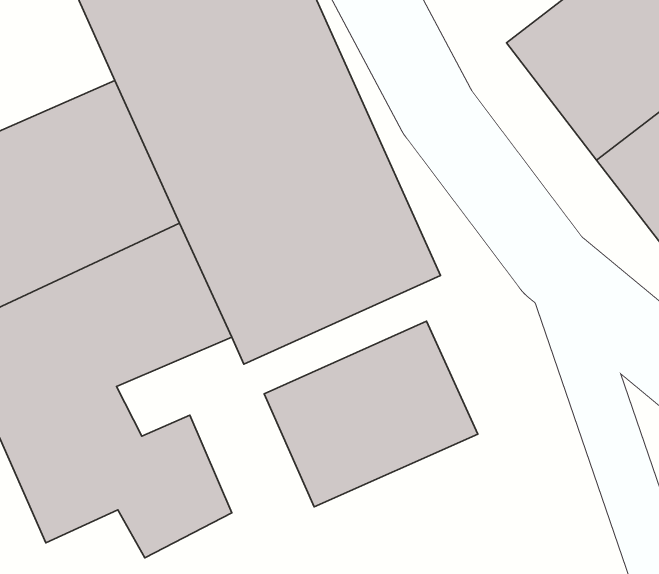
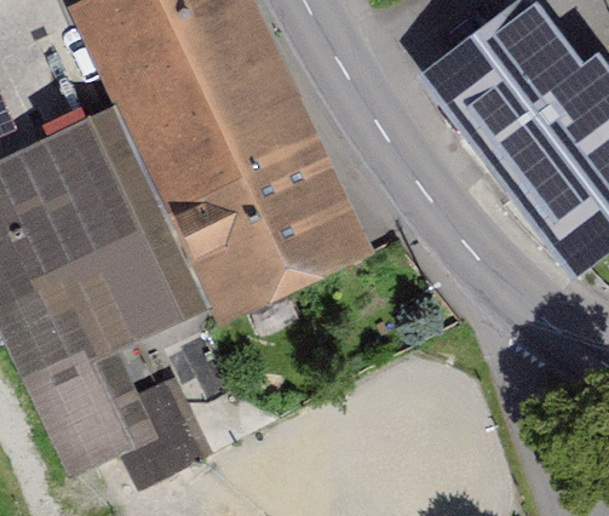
building: [264,321,478,507] -> none

